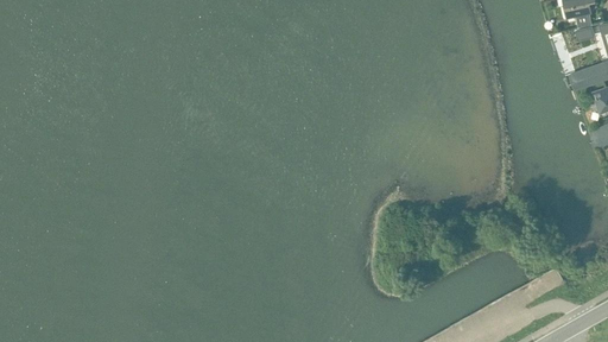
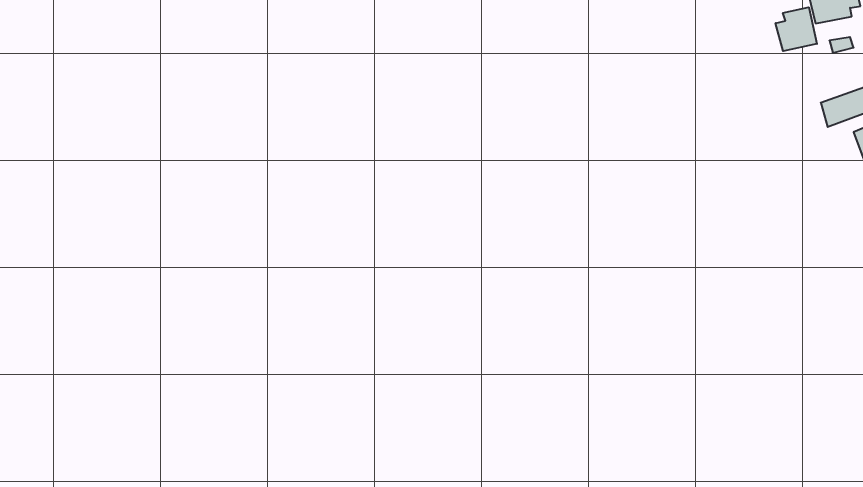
building: none -> [776,7,817,51]

